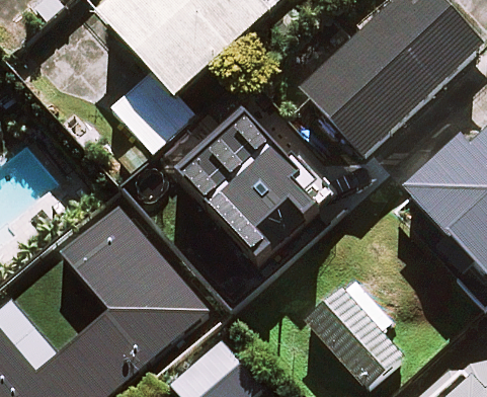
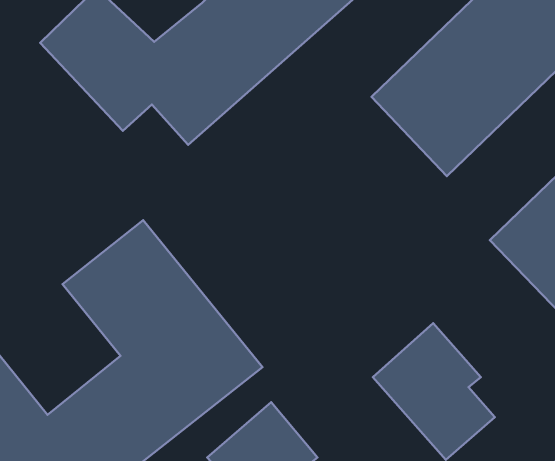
building: [178,109,314,255] -> none

